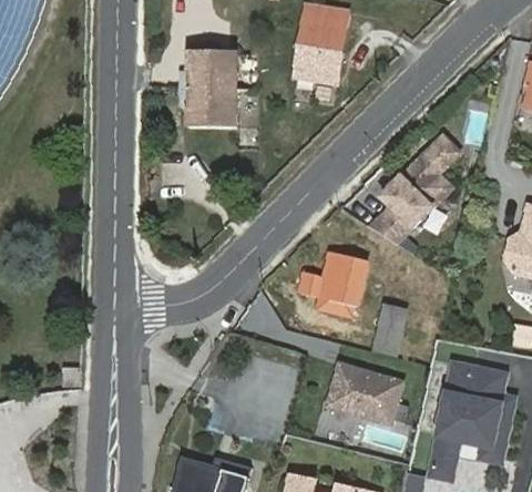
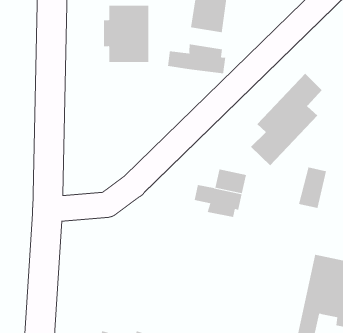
building: none -> [167,44,226,74]
building: [369,304,406,357] -> [298,167,327,209]
building: [321,361,403,427] -> none

